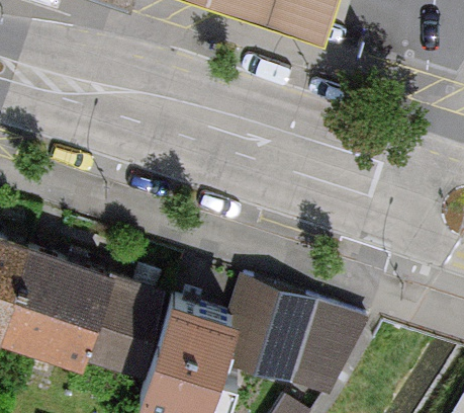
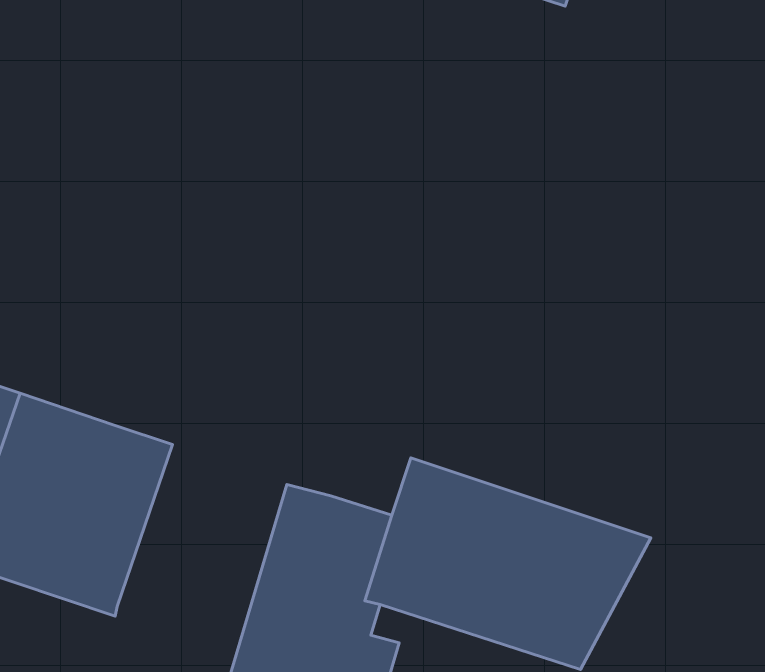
building: [80,276,163,382] -> none

